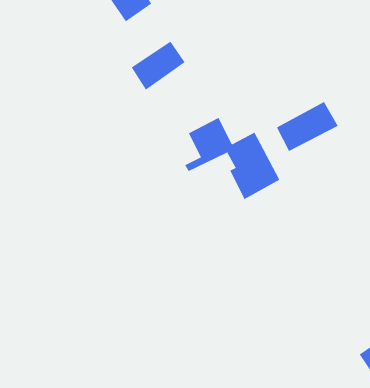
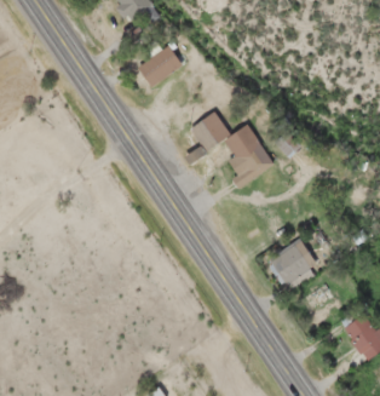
building: [276,101,338,152] -> none
building: none -> [267,239,316,287]

